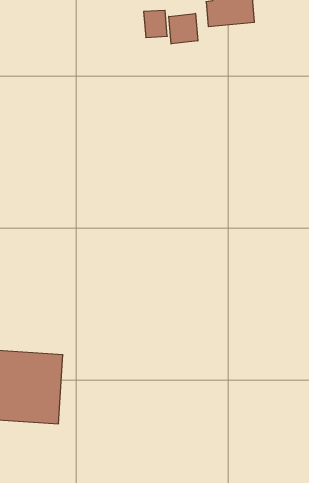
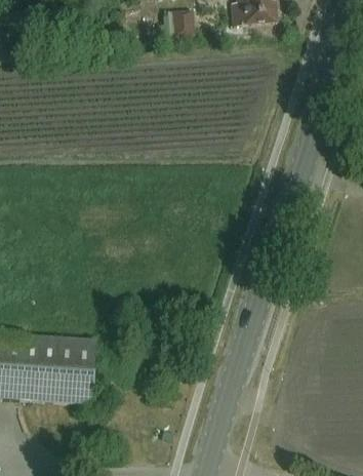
building: [169,13,198,44] -> none

